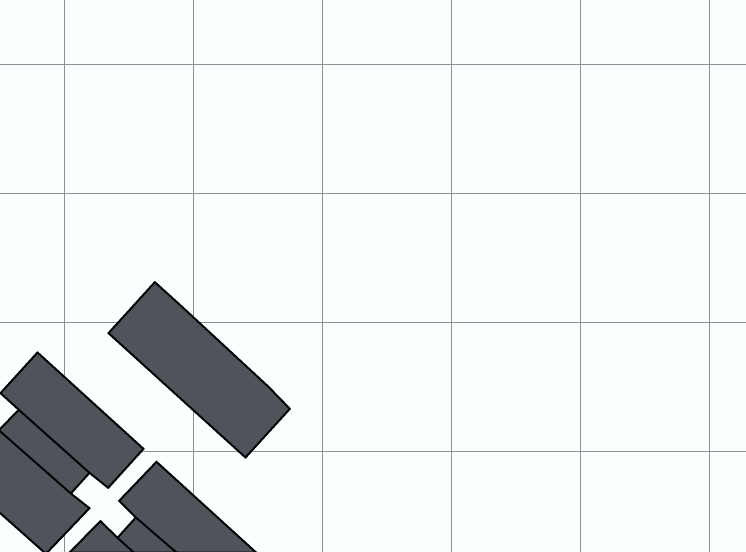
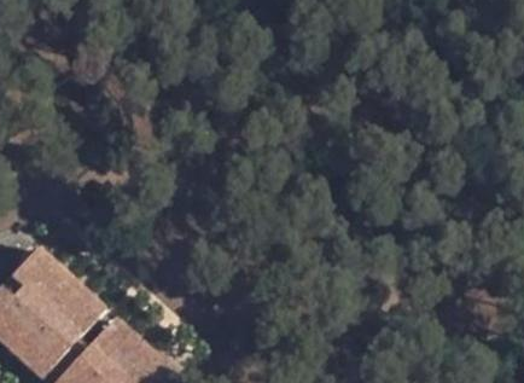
building: [108,282,290,457] -> none

